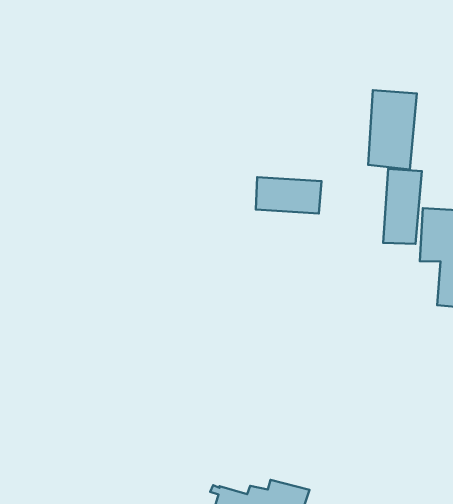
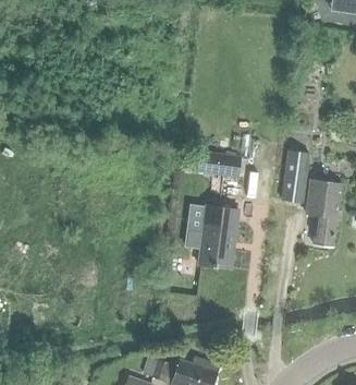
building: [368,90,417,169] -> none
building: none -> [195,203,240,268]

